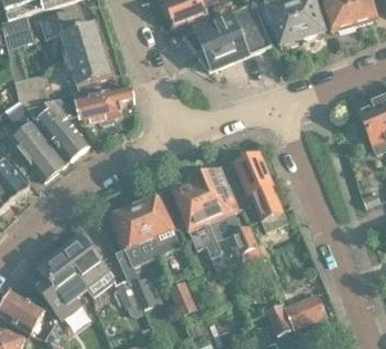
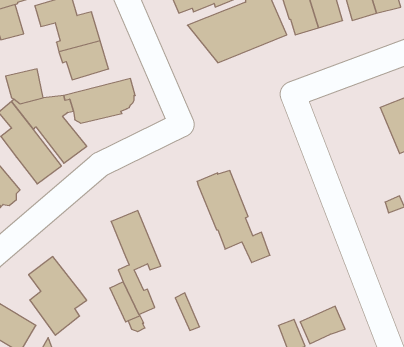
building: [235,154,281,218] -> none
building: [173,182,226,269] -> none
building: [136,195,181,256] -> none
building: [59,229,109,287] -> none

